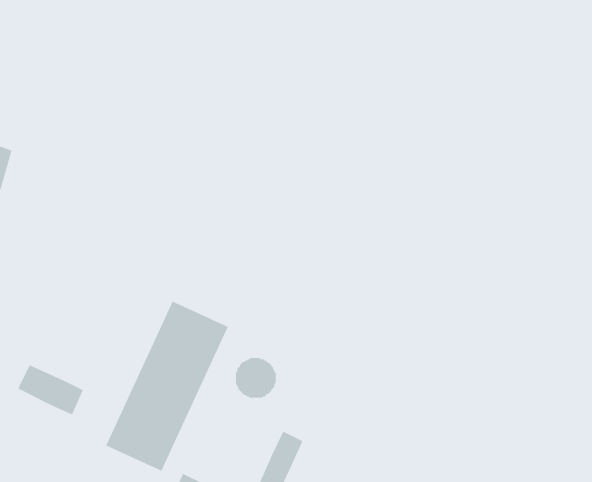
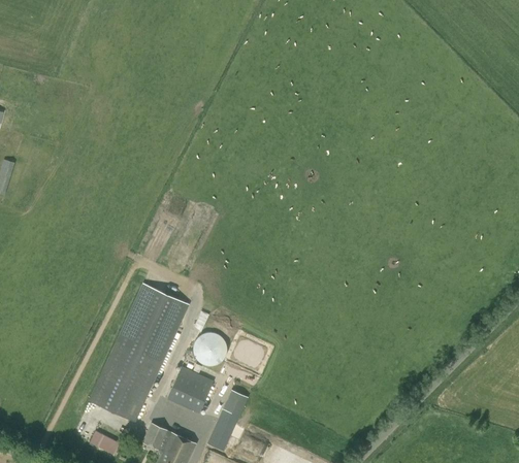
building: [17,364,84,416] -> none
building: none -> [167,366,214,412]

